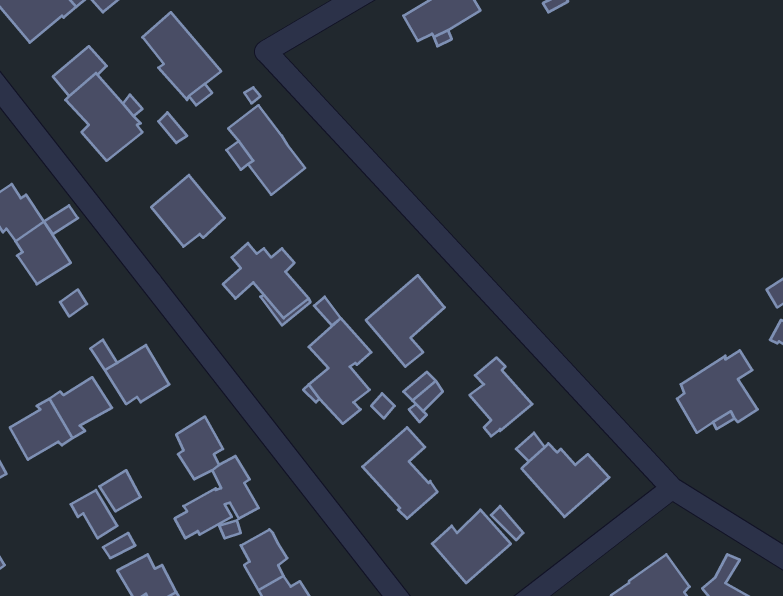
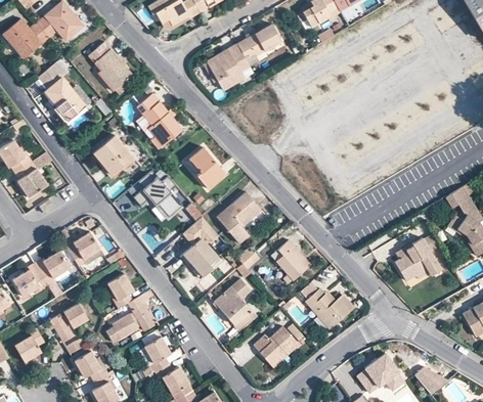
building: none -> [203,43,251,90]
building: none -> [189,147,226,189]
building: none -> [15,328,44,361]

